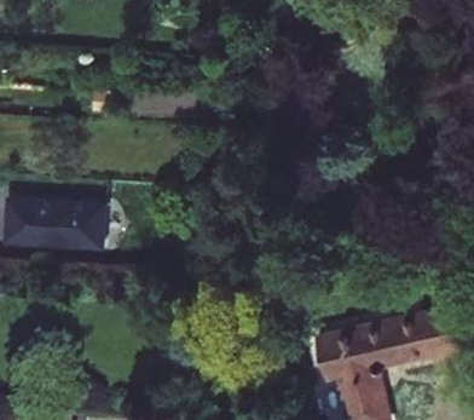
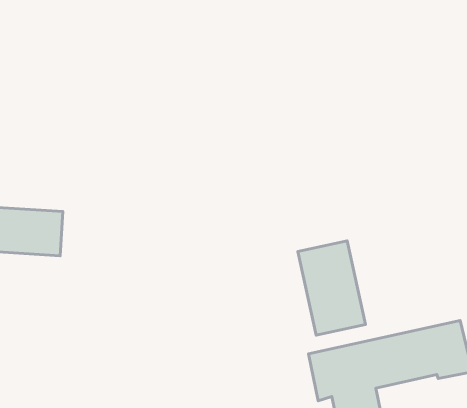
building: none -> [298,241,366,335]

